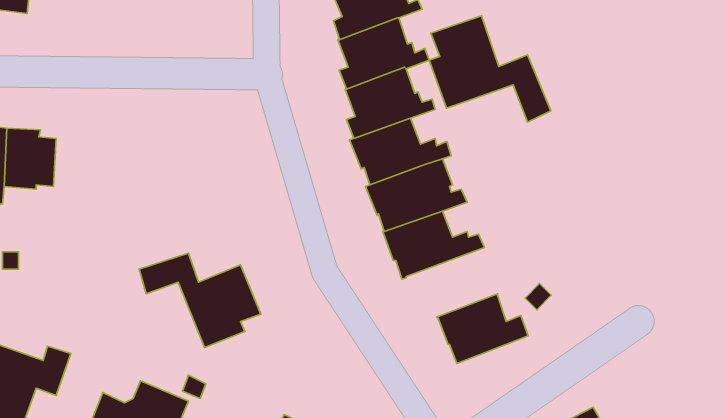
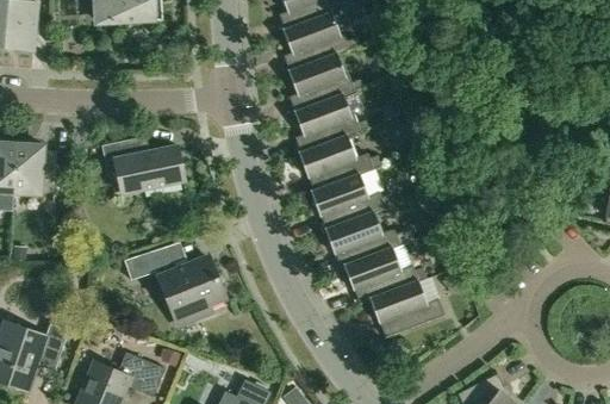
building: [429,16,551,122] -> none
building: none -> [100,136,183,193]
building: none -> [343,248,425,304]

